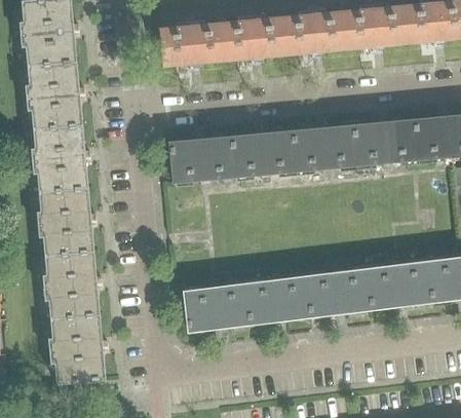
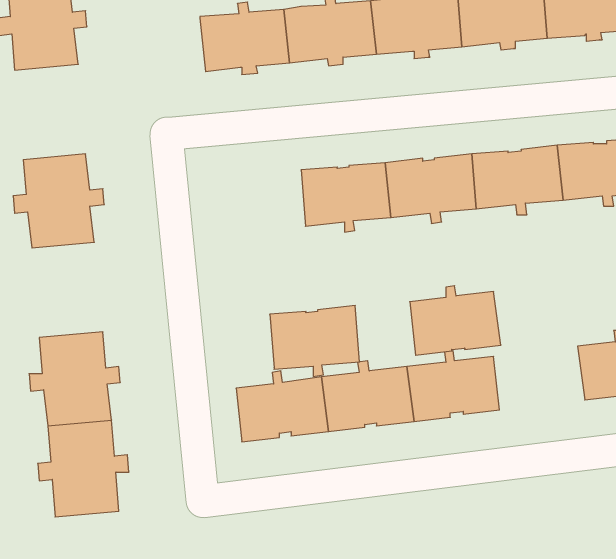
building: [23,61,86,128] -> none
building: [171,136,235,186] -> [270,306,360,376]
building: [34,187,98,255] -> none
building: [369,257,433,306] -> [410,286,501,355]

